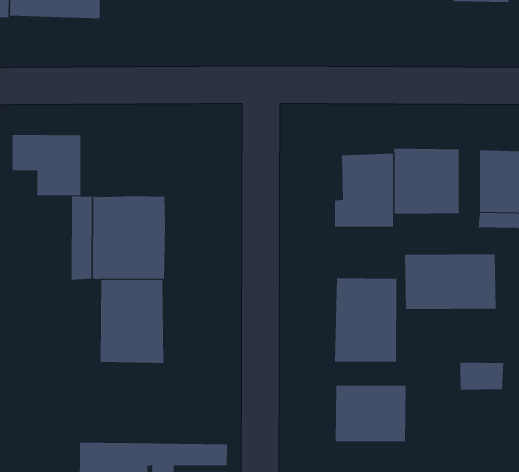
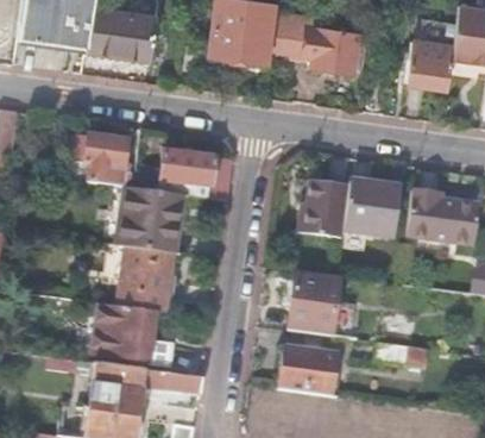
building: none -> [159,151,233,201]
building: [405,254,496,310] -> none
building: none -> [95,305,170,365]

